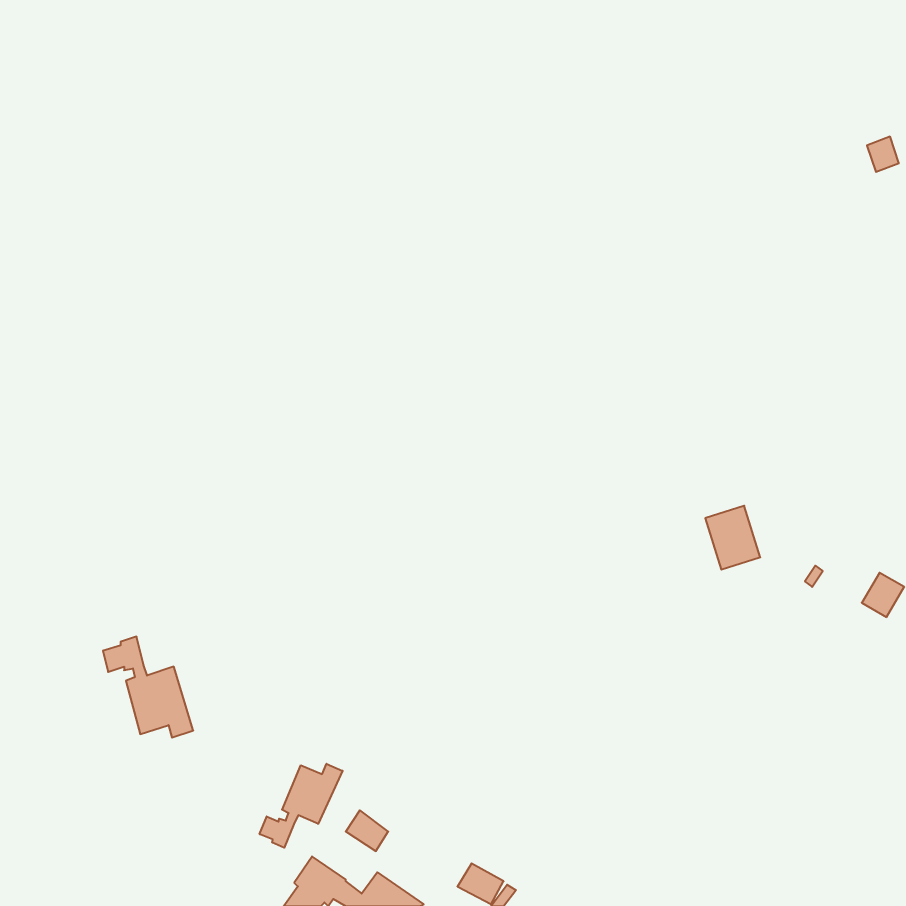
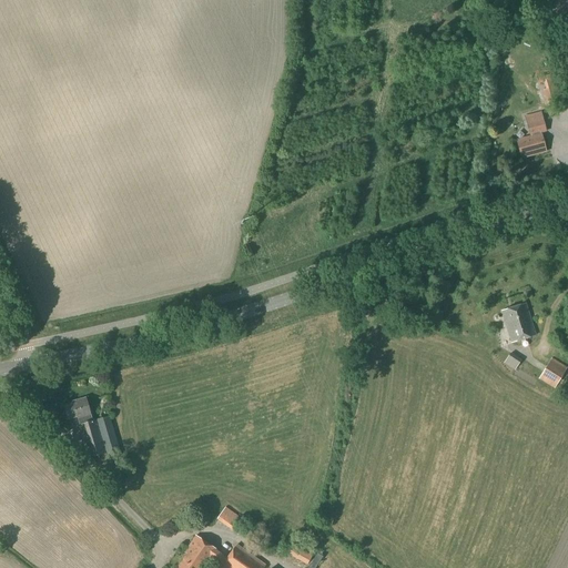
building: none -> [517,115,545,158]
building: [705,506,760,570] -> [501,302,536,342]
building: [260,764,343,848] -> none

